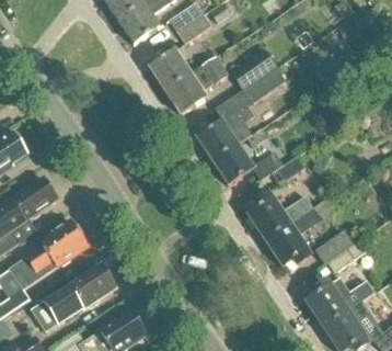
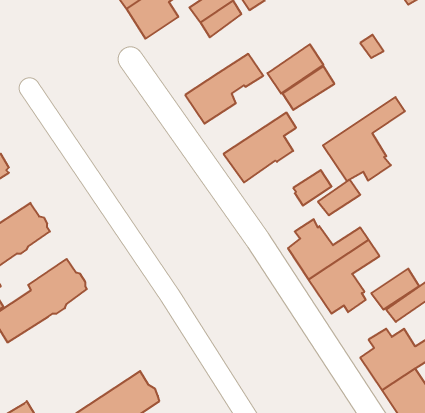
building: [151,48,193,90] -> none
building: none -> [323,97,405,181]
building: [214,143,255,185] -> none
building: [32,265,115,331] -> none

